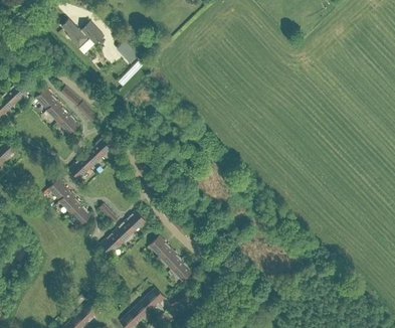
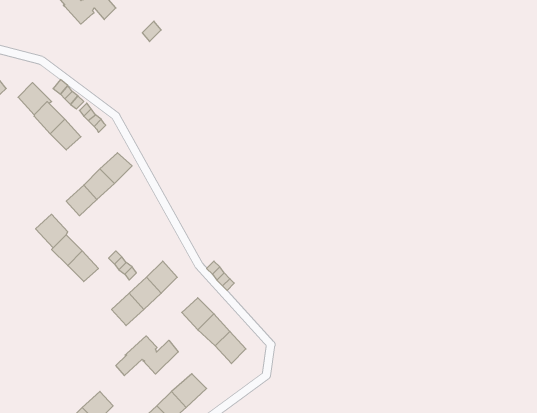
building: none -> [116,336,178,376]

